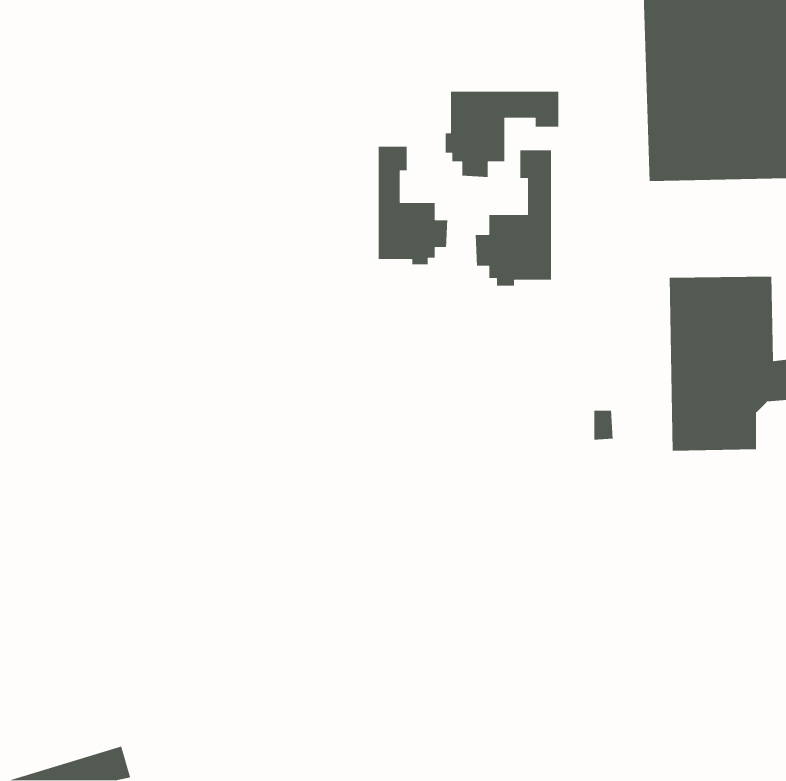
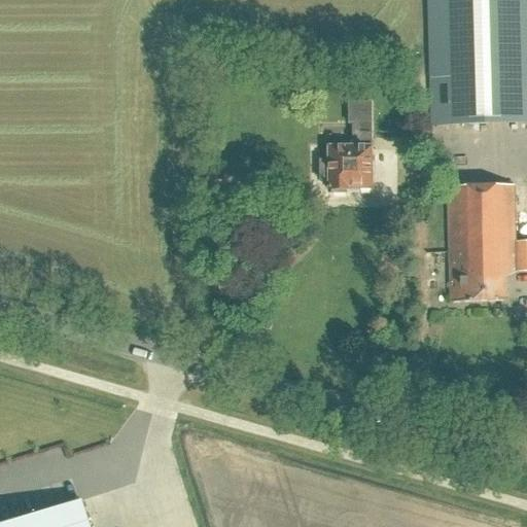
building: [445,91,559,178] -> none
building: [378,146,448,265] -> none

